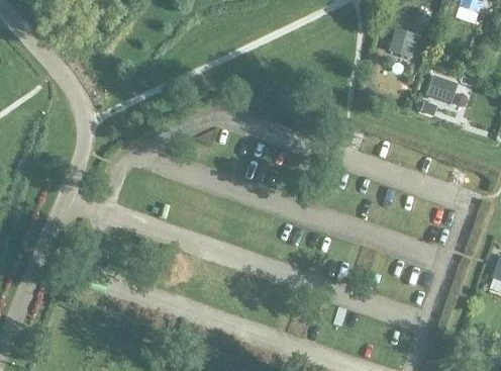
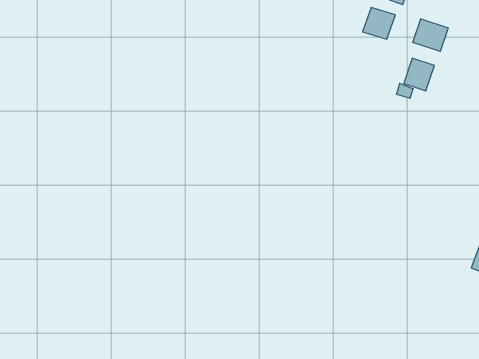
building: none -> [413,19,448,51]

